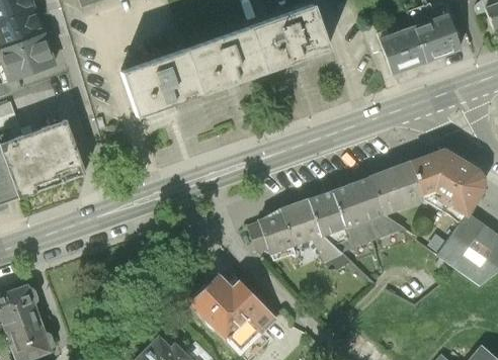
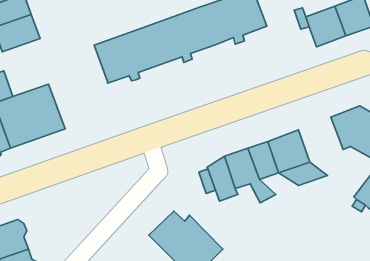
building: [369,159,424,213] -> none
building: [322,227,369,253] -> none

